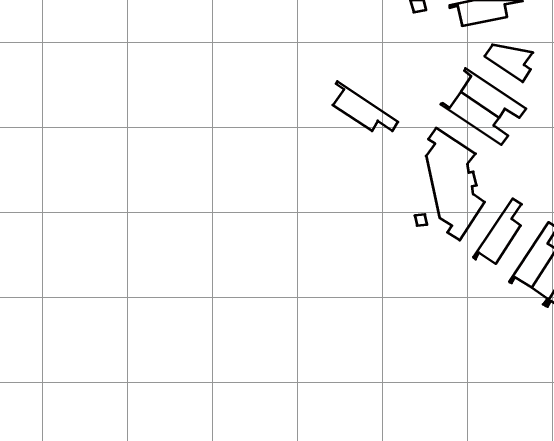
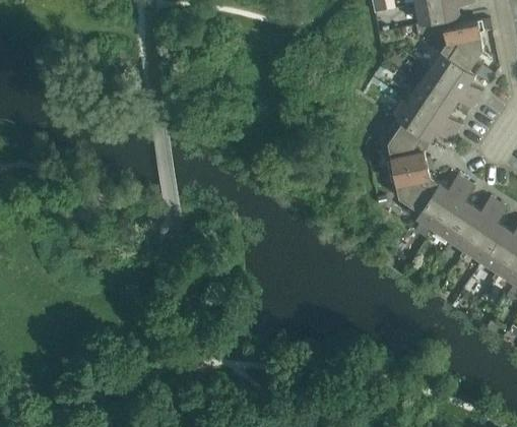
building: none -> [440,21,483,50]
building: none -> [423,53,482,101]
building: [333,81,398,131] -> [396,97,455,141]
building: none -> [417,176,465,235]
building: none -> [450,198,498,257]

